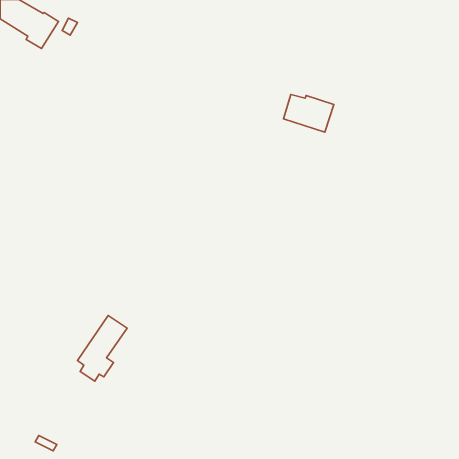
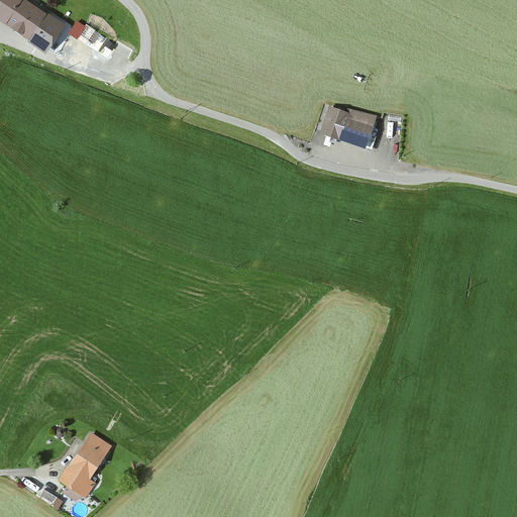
building: [78,316,127,381] -> [57,430,112,504]

